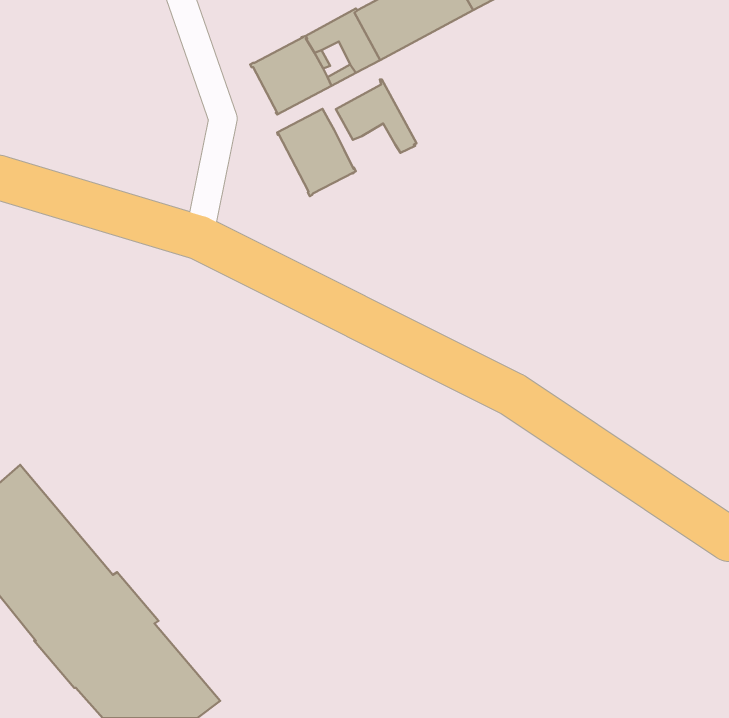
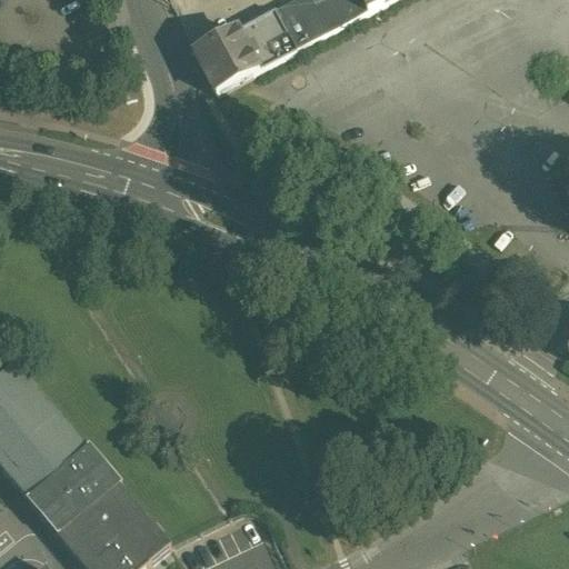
building: [336,79,416,153] -> none
building: [277,109,356,196] -> none

